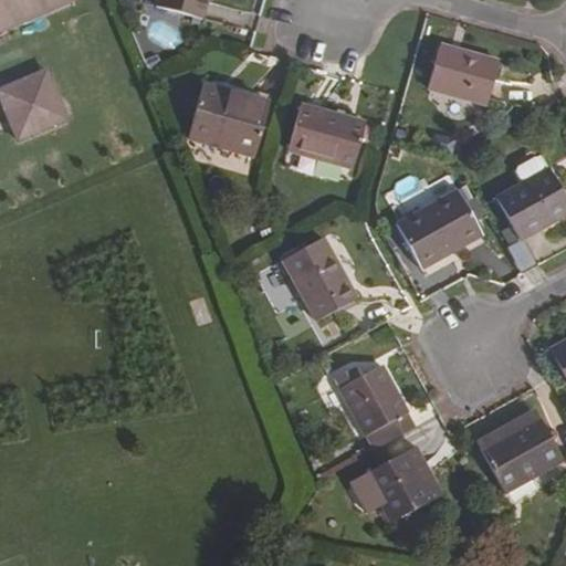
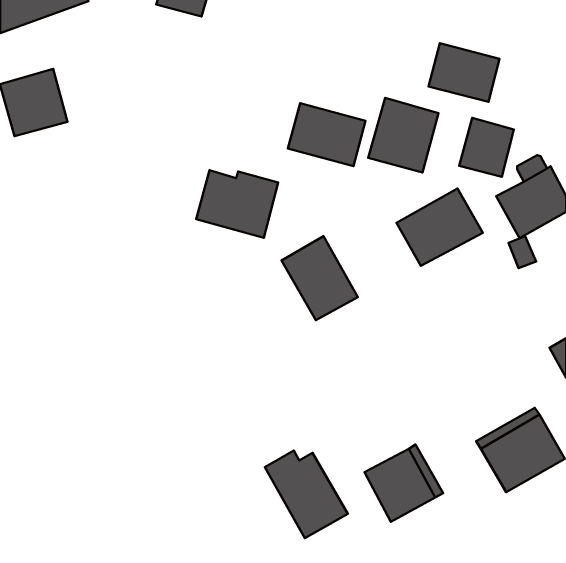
building: [188,87,270,155] -> [196,170,278,238]
building: none -> [368,98,438,173]
building: none -> [459,118,514,177]
building: [333,361,416,449] -> [265,451,348,538]

